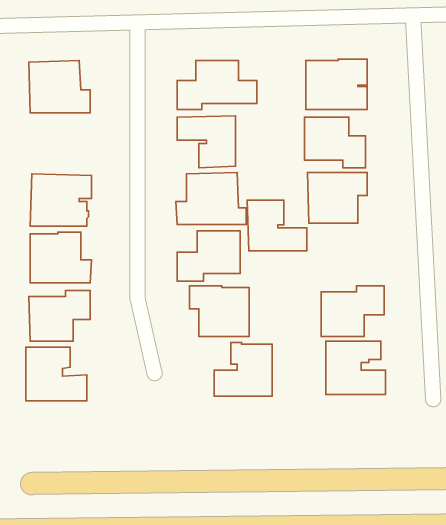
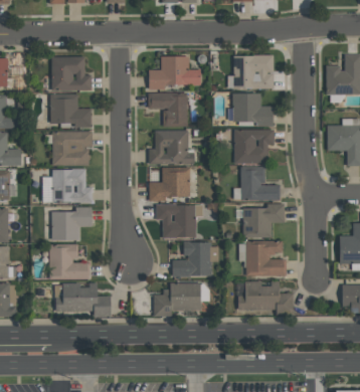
building: none -> [50,93,92,128]
building: [247,200,307,251] -> [240,167,280,200]
building: none -> [238,281,293,316]
building: none -> [56,282,111,316]
building: none -> [153,283,201,316]

